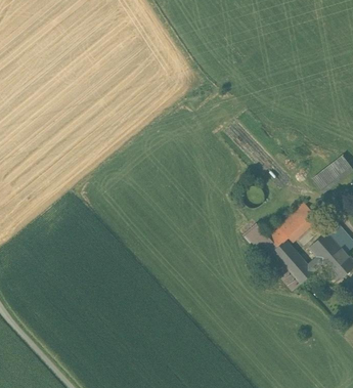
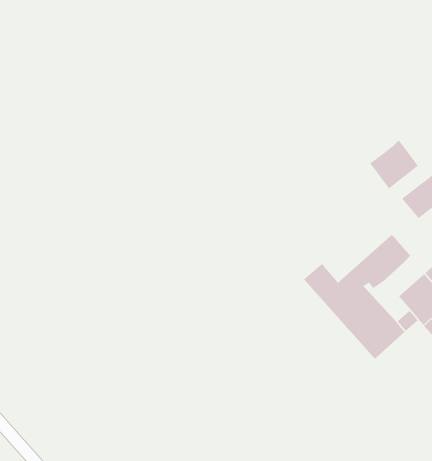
building: none -> [369,140,419,190]

